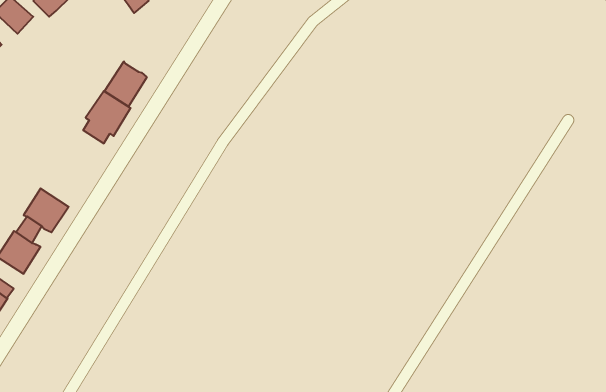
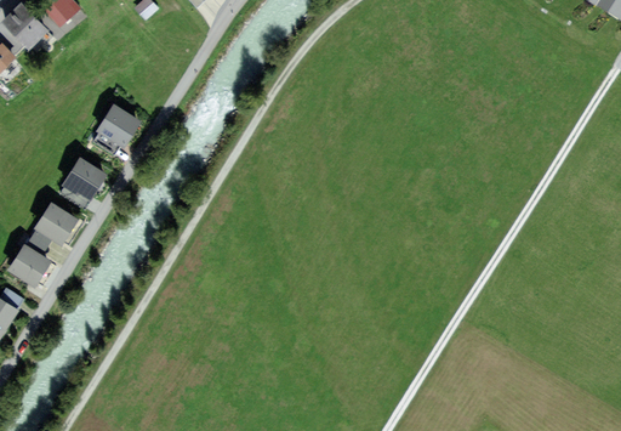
building: [105,61,147,107] -> none
building: none -> [59,154,107,209]

